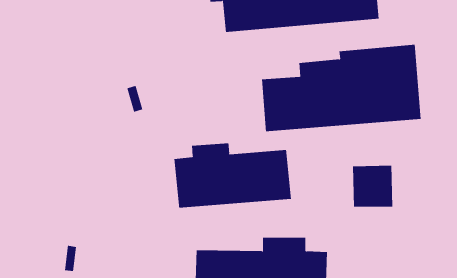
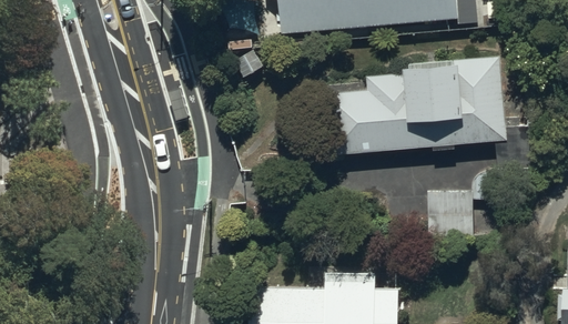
building: [174,143,291,209] -> none

